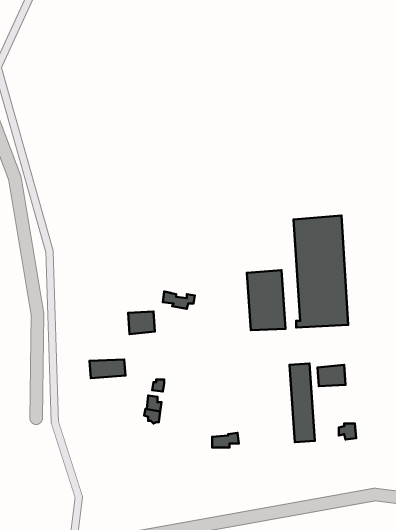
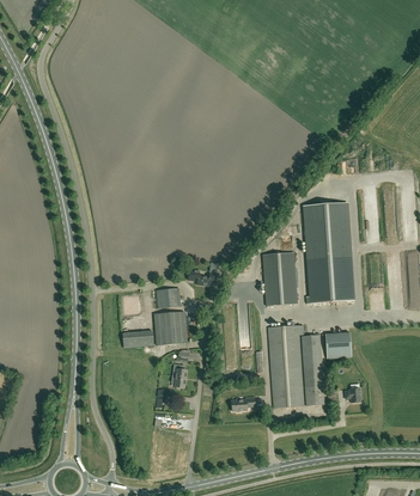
building: none -> [153,311,185,344]
building: none -> [267,325,304,408]

